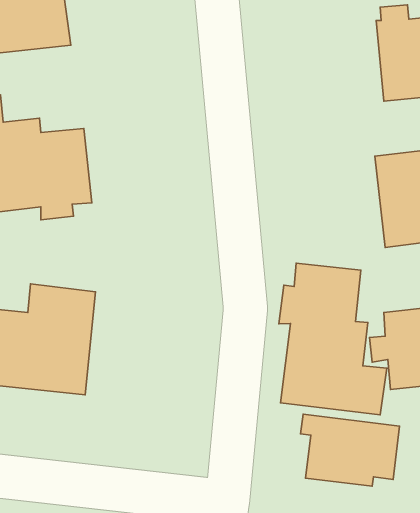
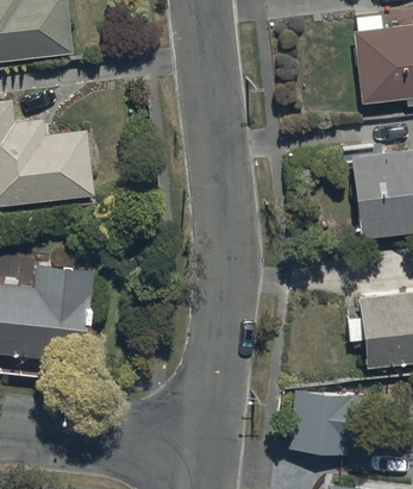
building: [279,263,387,415] -> none

